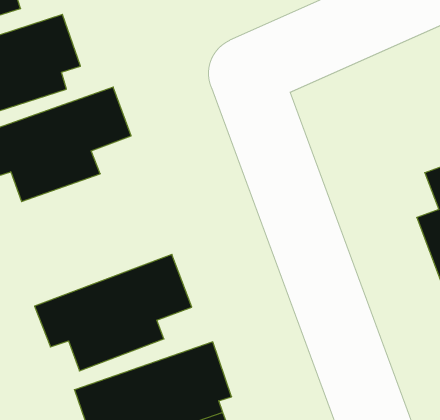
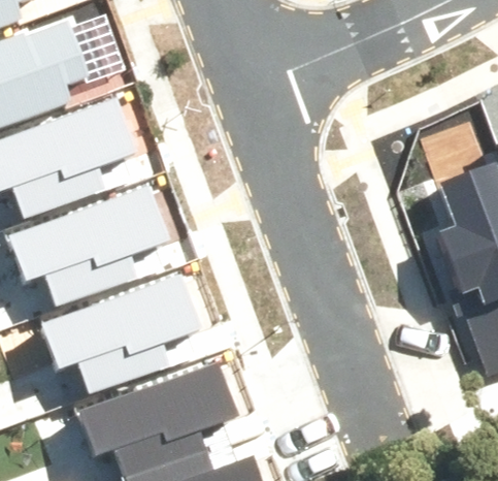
building: none -> [7,184,170,304]

